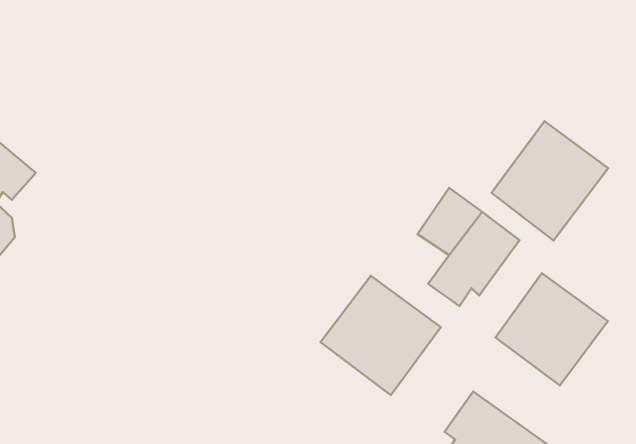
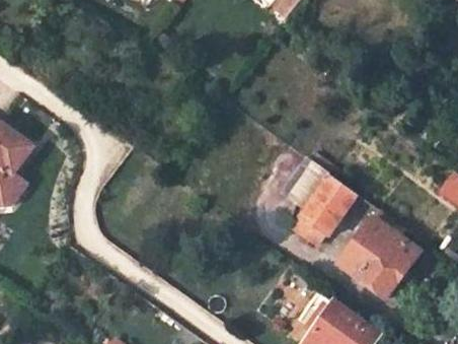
building: [491,121,608,240] -> none
building: [320,276,441,395] -> none

